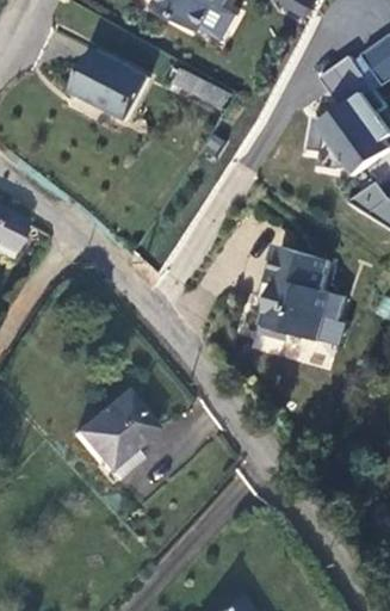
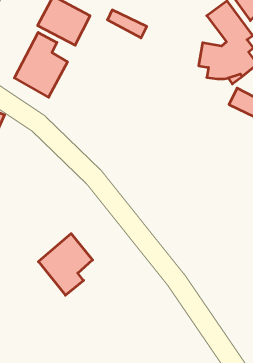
building: none -> [14,32,67,97]
building: [262,243,346,340] -> none

